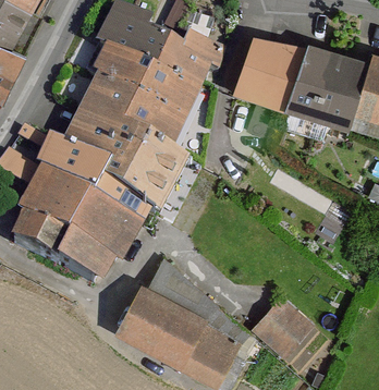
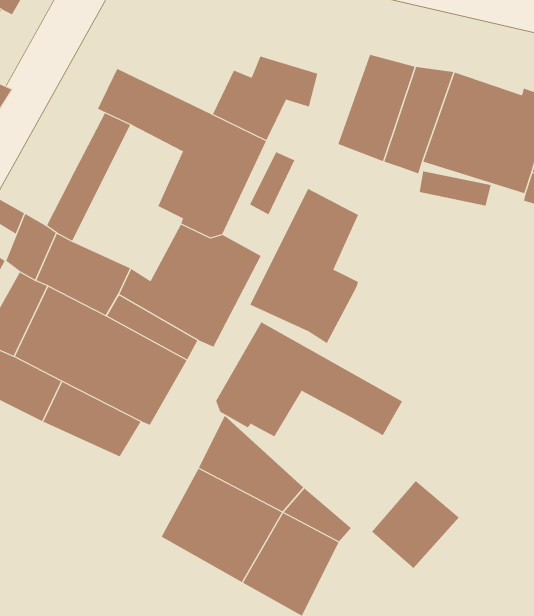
building: [99,10,171,74] -> none
building: [72,81,139,176] -> [249,188,359,344]
building: none -> [215,321,403,437]

